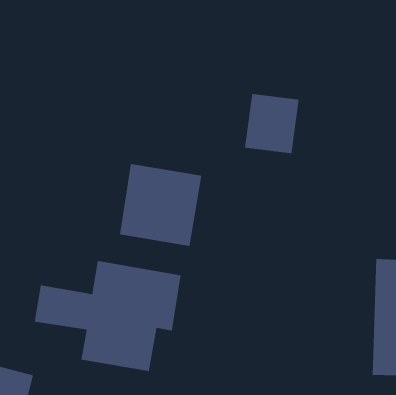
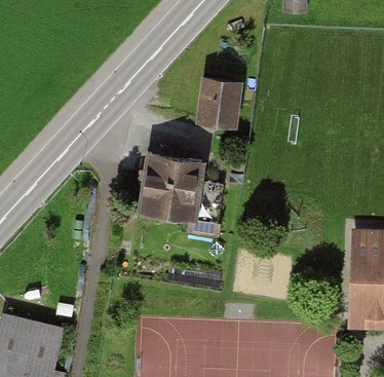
building: [244,94,300,154] -> [195,78,242,129]
building: [34,260,181,372] -> none

